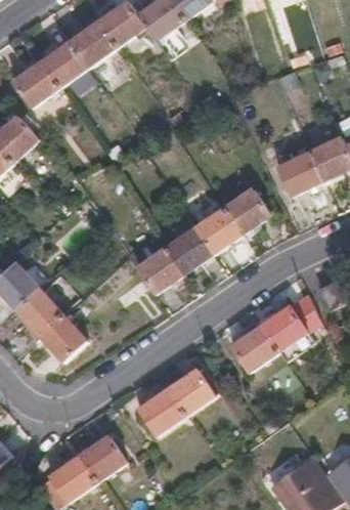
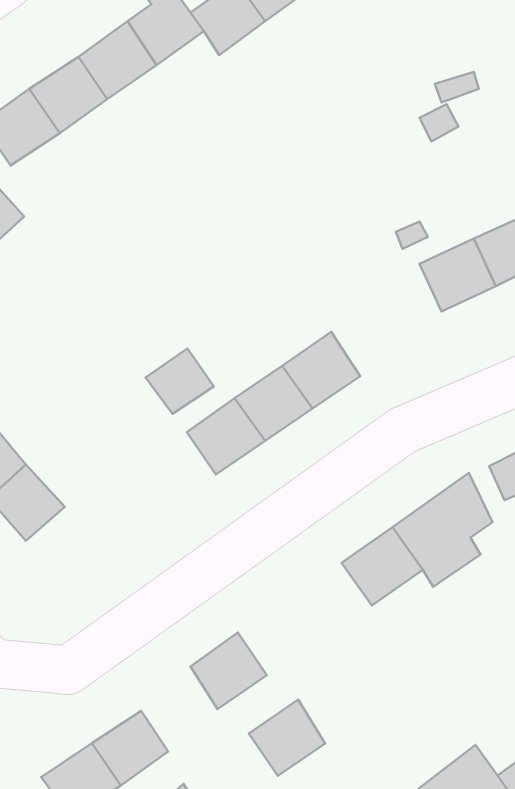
building: [223,187,269,233] -> none
building: none -> [146,349,214,414]
building: [39,312,86,360] -> none
building: [167,368,213,414] -> [249,699,325,776]

